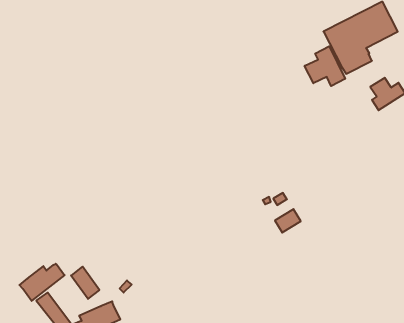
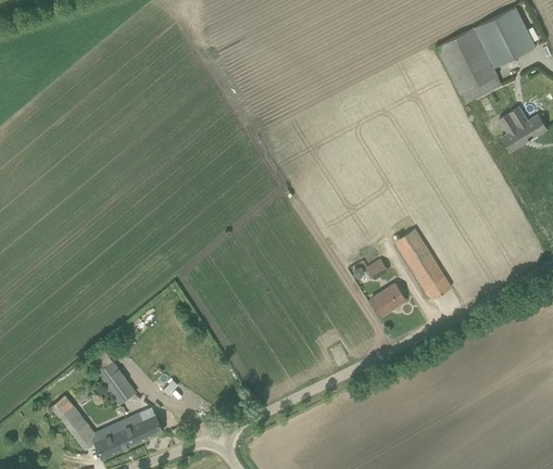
building: [305,46,345,86] -> none
building: none -> [395,228,451,299]
building: [19,264,65,301] -> none

